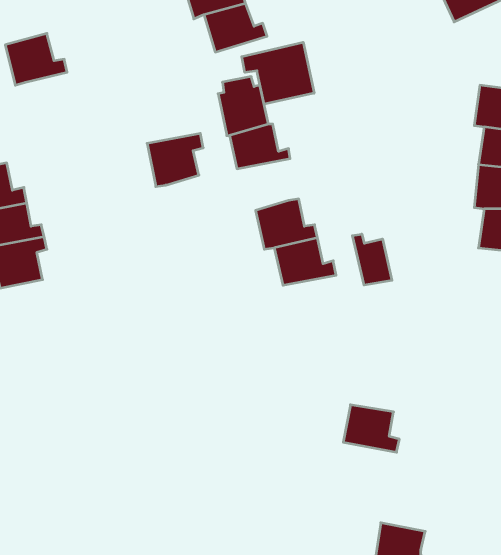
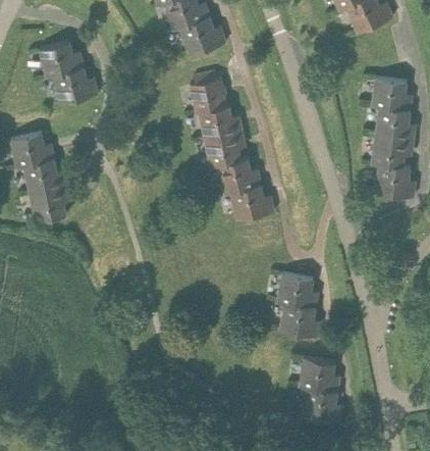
building: [242,42,314,104] -> none
building: none -> [54,68,98,103]
building: [147,133,203,187] -> [204,130,244,167]
building: [352,234,392,285] -> none
building: none -> [277,272,317,309]
building: none -> [299,357,338,394]

